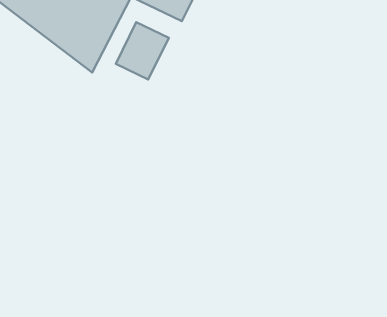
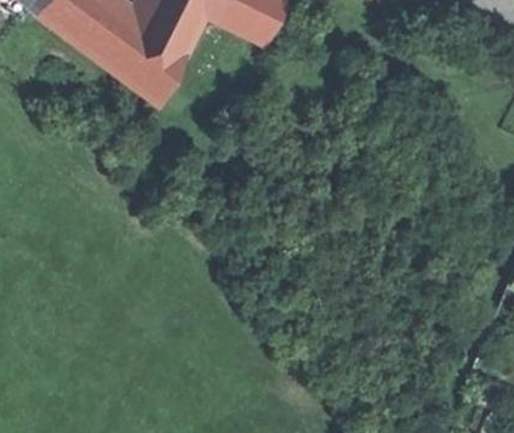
building: [116,22,169,80] -> none

